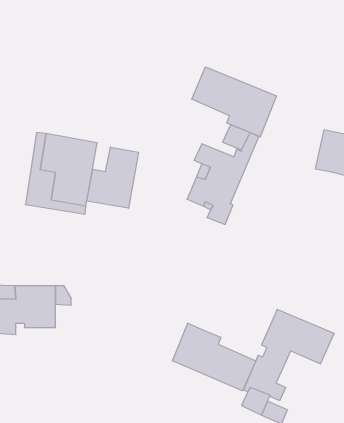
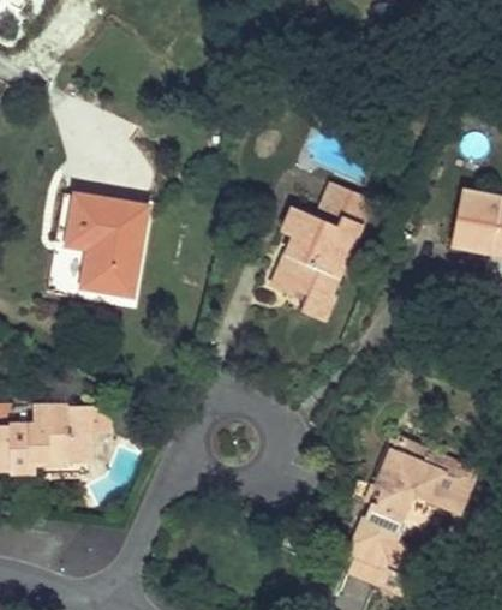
building: [192,67,276,137] -> none
building: [87,147,139,208] -> none
building: [172,323,256,391] -> none

